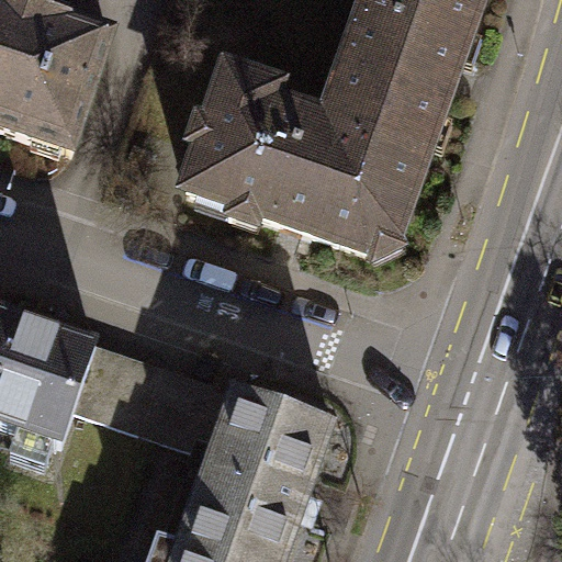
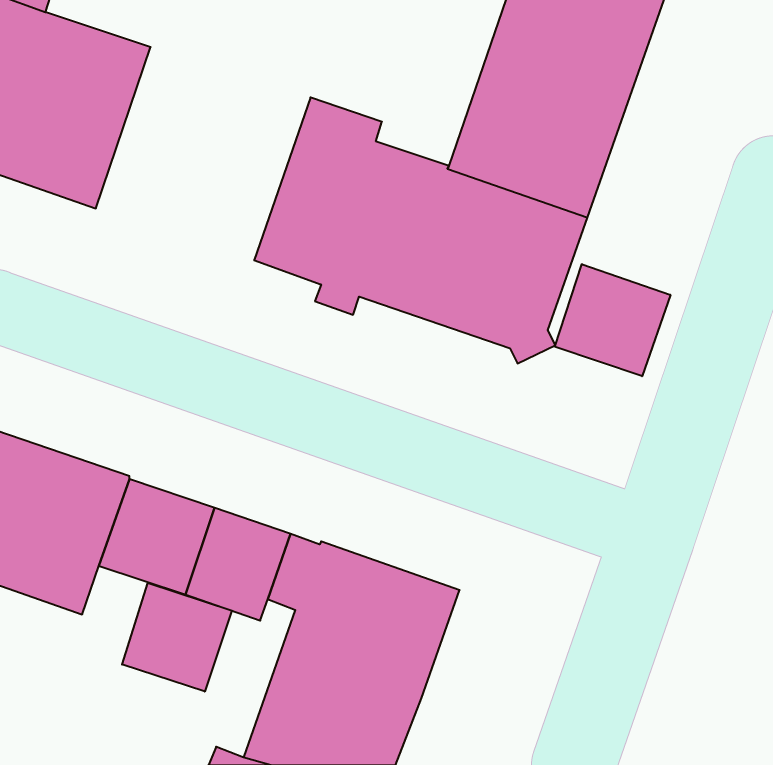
building: none -> [555,264,670,376]
building: none -> [122,583,232,692]

